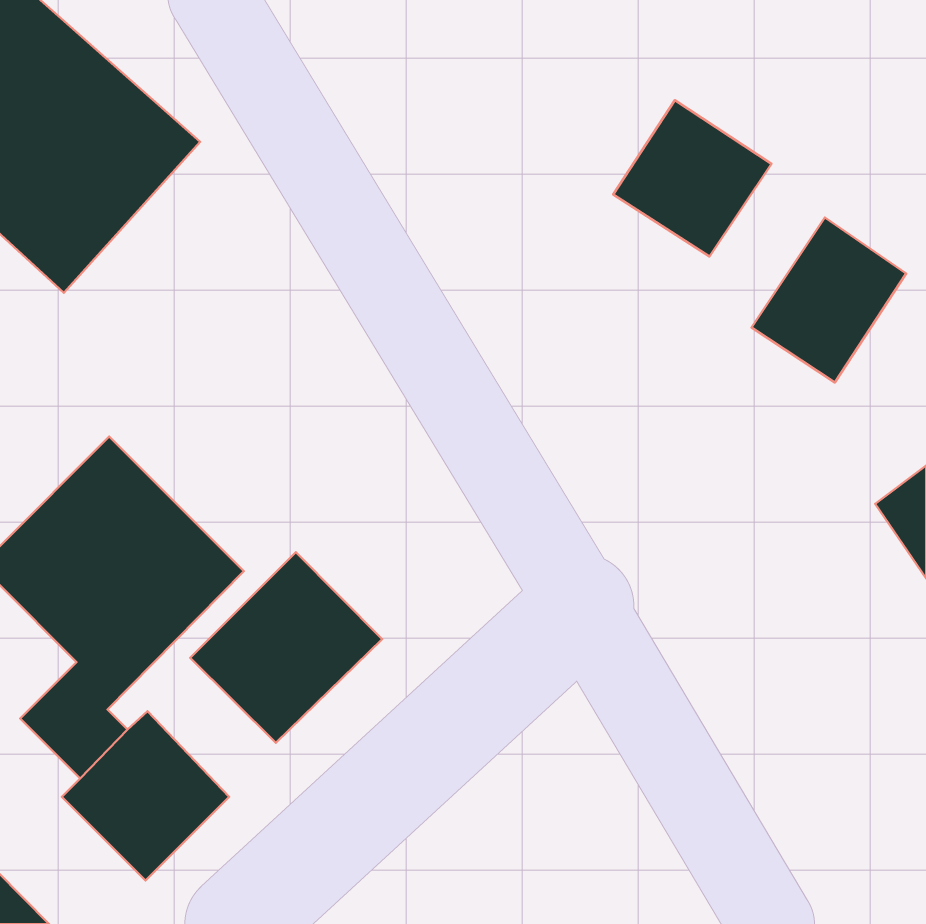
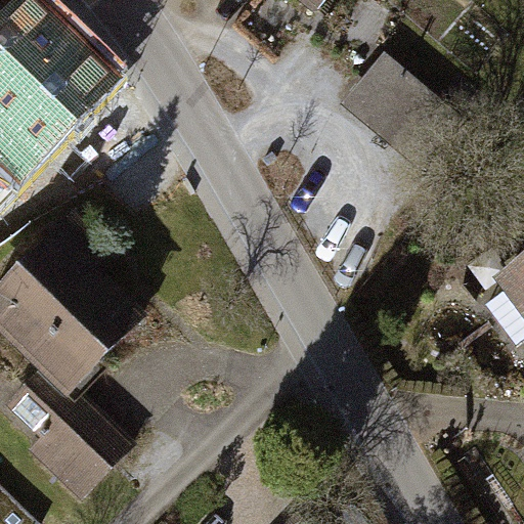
building: [752,218,906,382] -> none
building: [190,552,382,743] -> none

